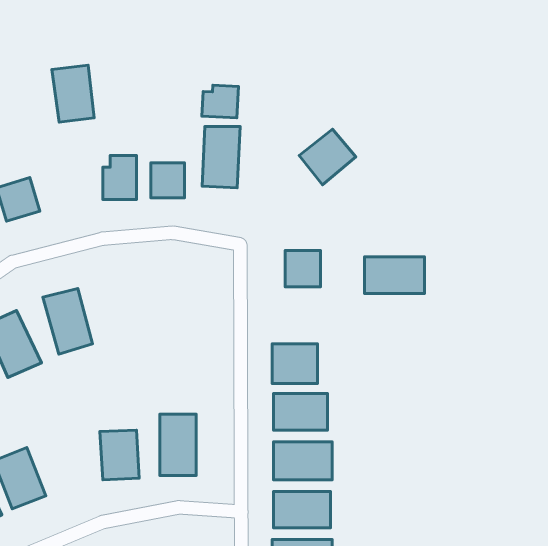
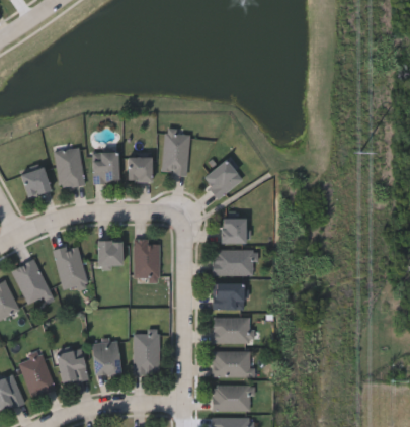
building: [52,65,94,122] -> [55,148,84,187]
building: [202,85,238,118] -> none
building: [299,129,356,185] -> [202,160,242,198]
building: [365,257,424,294] -> [214,249,255,274]
building: none -> [134,240,159,277]
building: none -> [98,241,121,266]
building: none -> [56,348,88,385]

